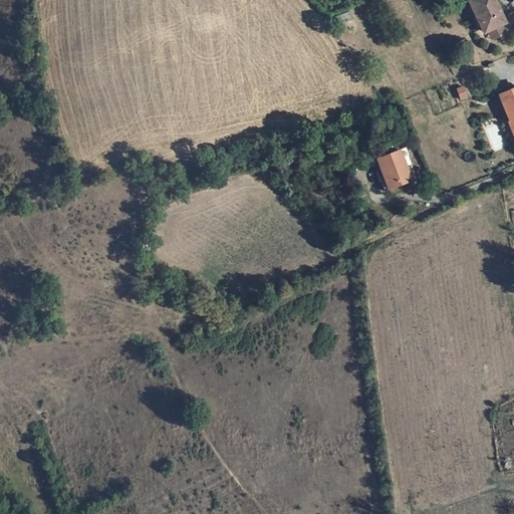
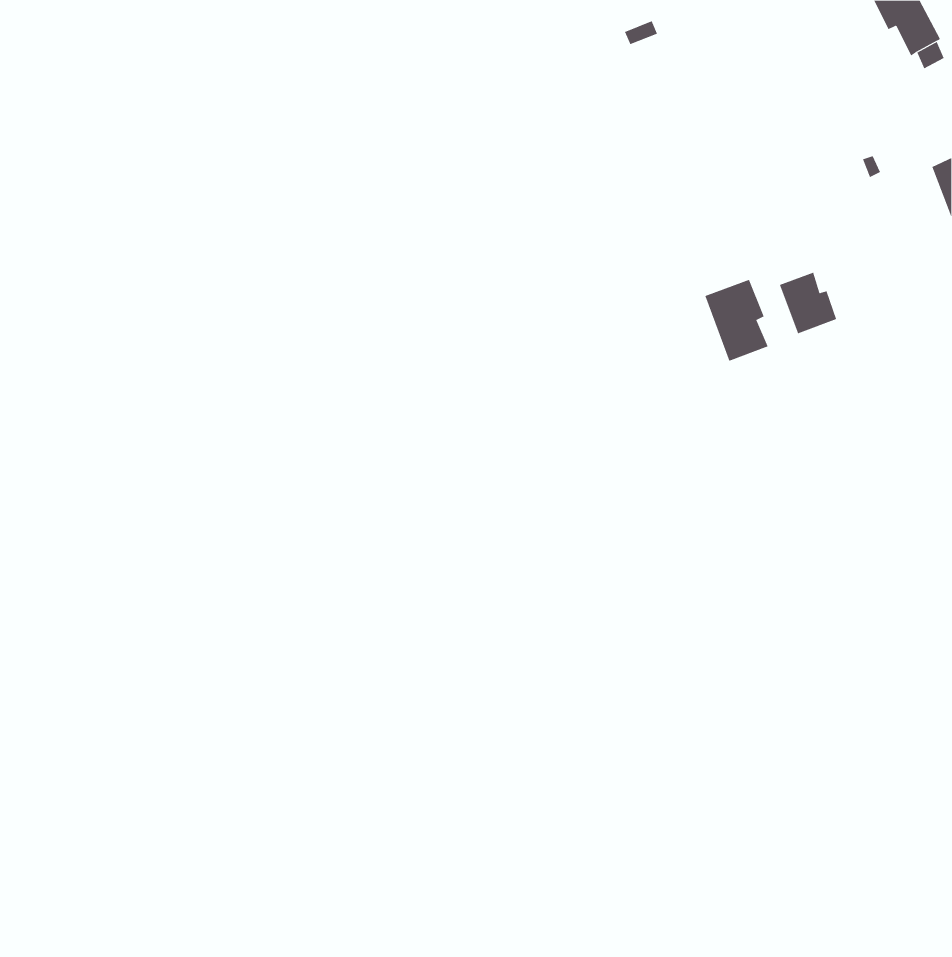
building: none -> [779,272,837,334]

